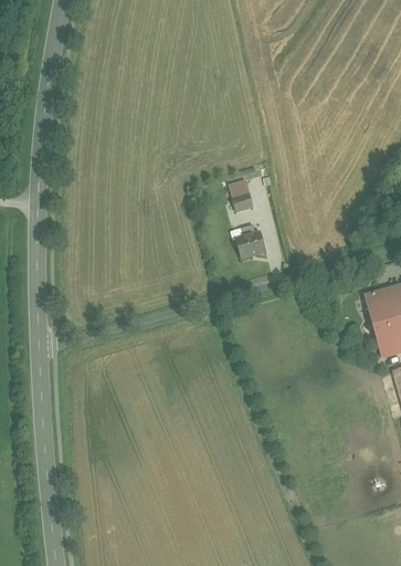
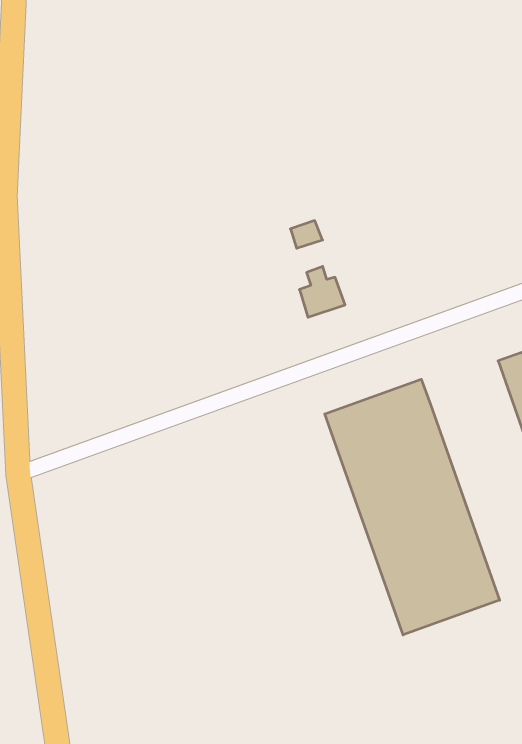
building: none -> [325,379,500,635]

